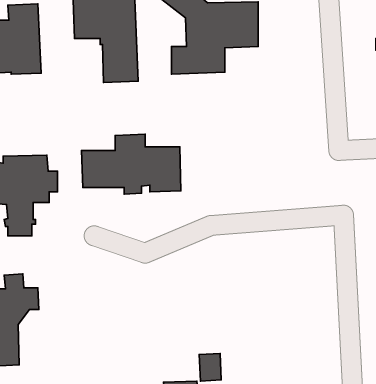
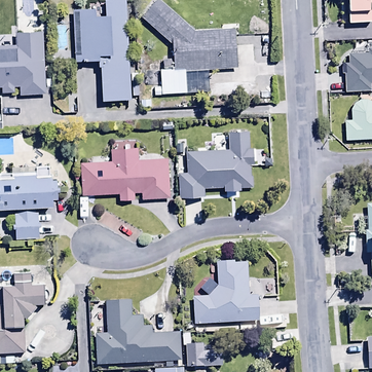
building: none -> [179,129,254,197]
building: none -> [194,259,260,324]
building: none -> [97,298,184,364]

